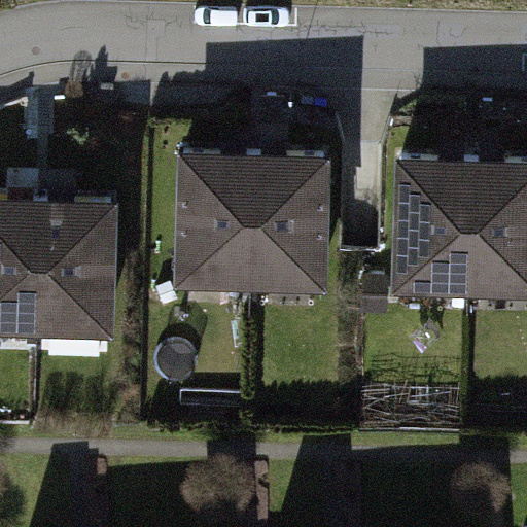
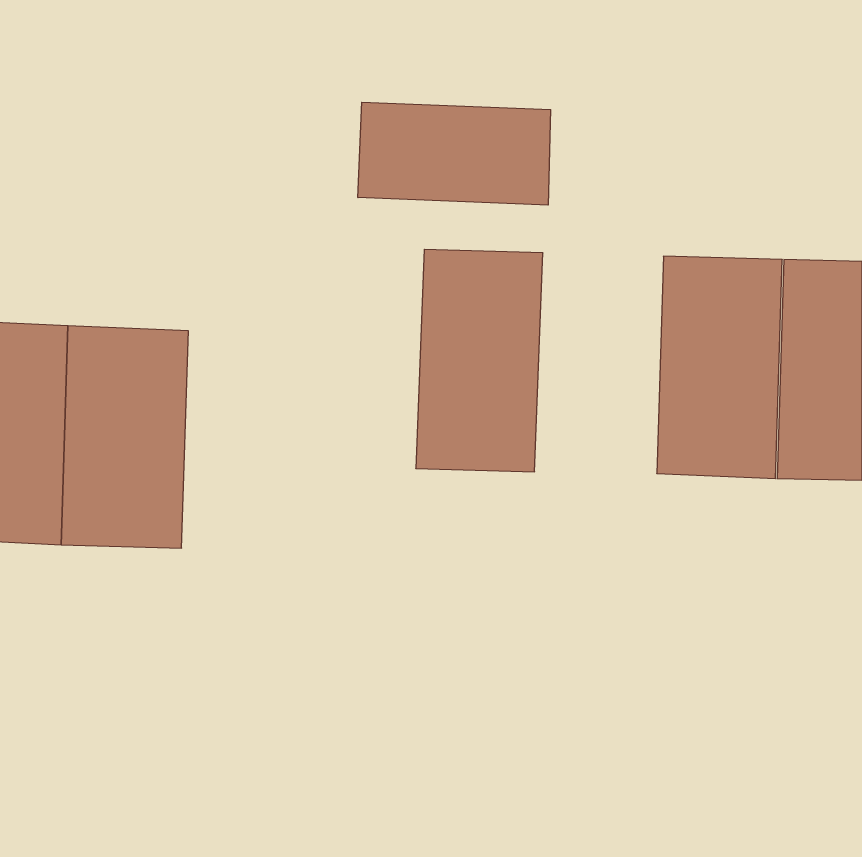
building: none -> [358,102,551,205]
building: [179,155,256,290] -> none

